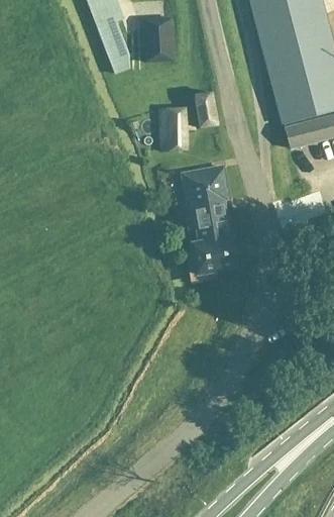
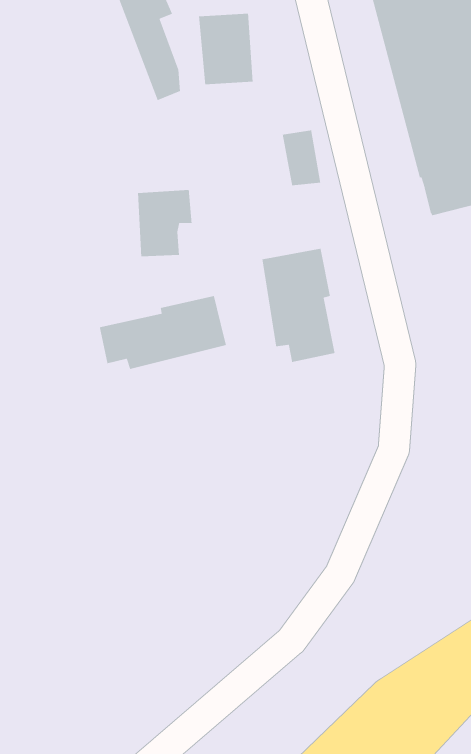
building: [160,106,196,149] -> [137,189,193,257]
building: none -> [97,295,227,370]
building: [192,233,240,274] -> none

